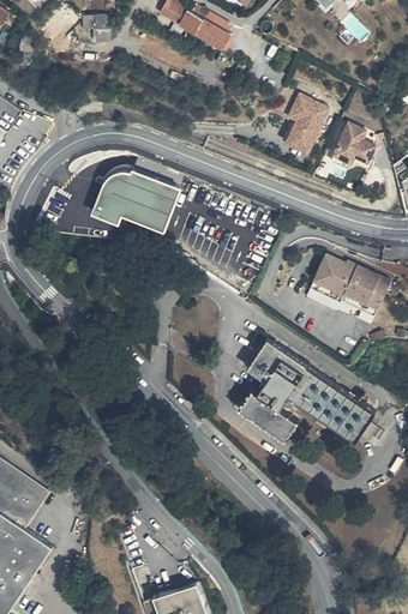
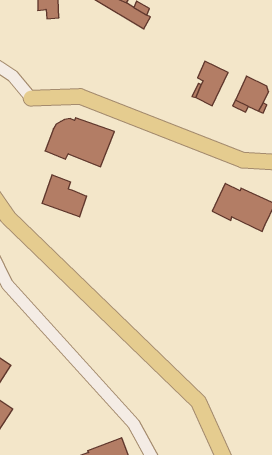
building: none -> [42,175,87,217]
building: [238,343,373,445] -> none

